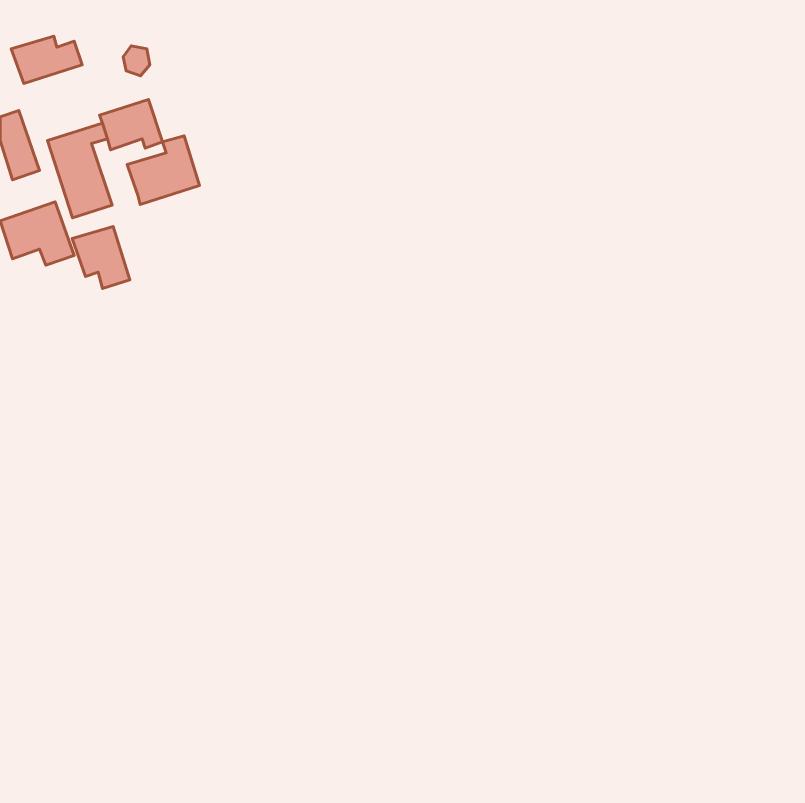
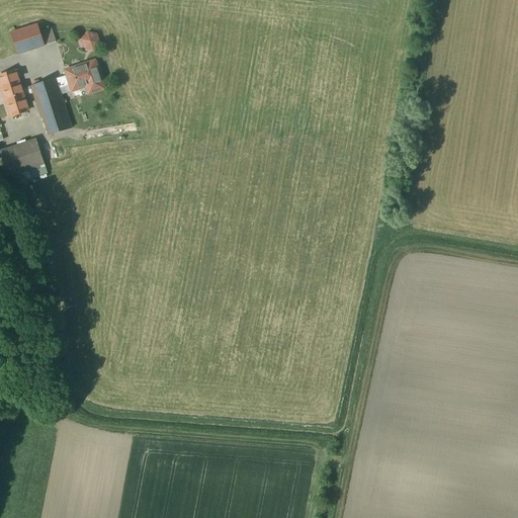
building: [127,136,200,205] -> none
building: [72,227,130,288] -> none

